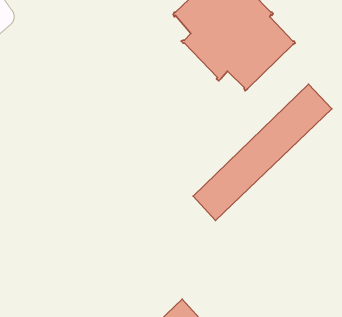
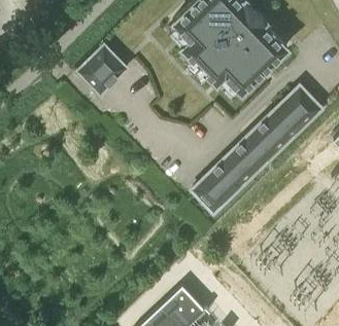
building: none -> [79,46,128,95]

